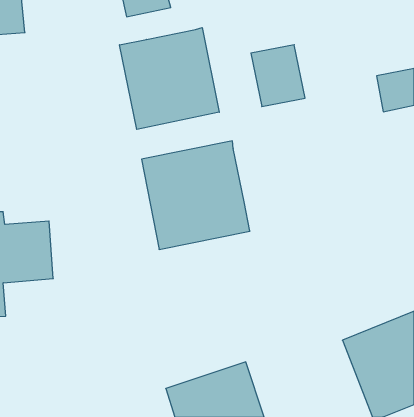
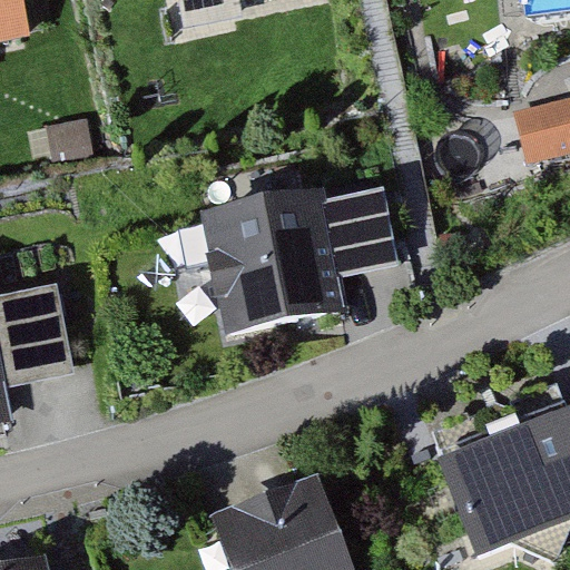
building: [120,28,219,129] -> none
building: [251,45,305,107] -> [312,187,384,269]

